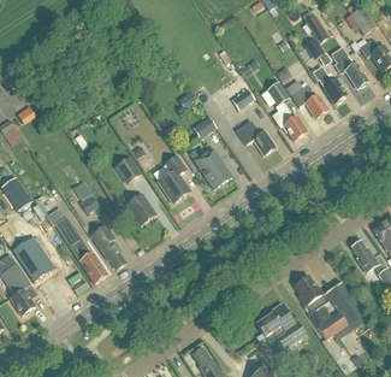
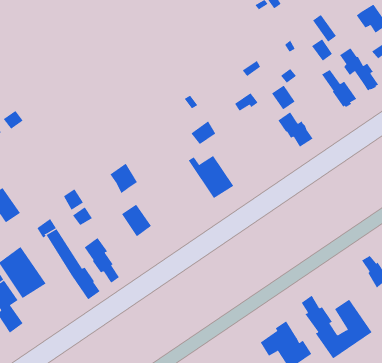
building: [285,81,327,118] -> none
building: [236,120,276,155] -> none
building: [158,155,190,202] -> none

